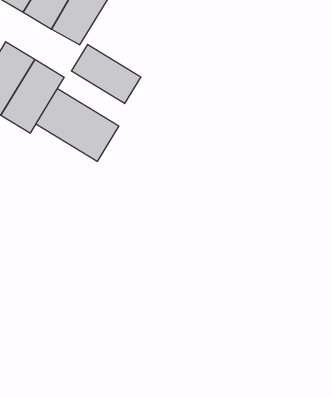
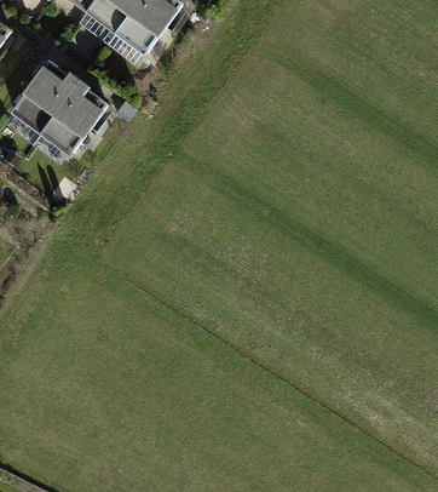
building: [71,44,141,104] -> none
building: [36,89,119,161] -> none

